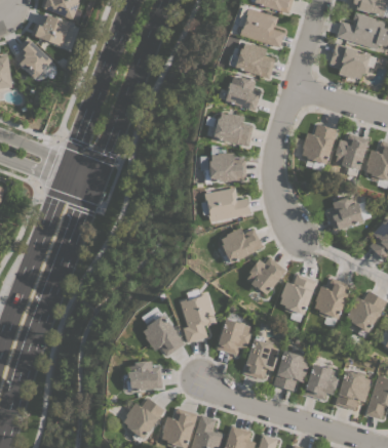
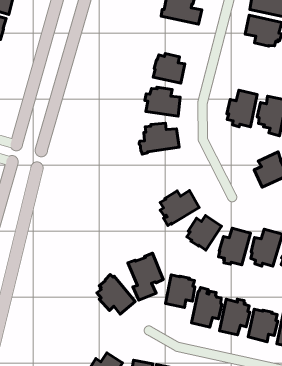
building: [229,43,275,79] -> none
building: [204,188,250,222] -> none
building: [126,361,162,392] -> none

